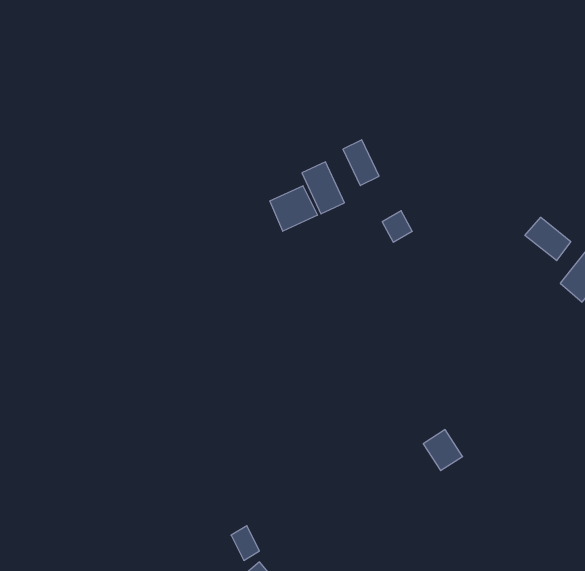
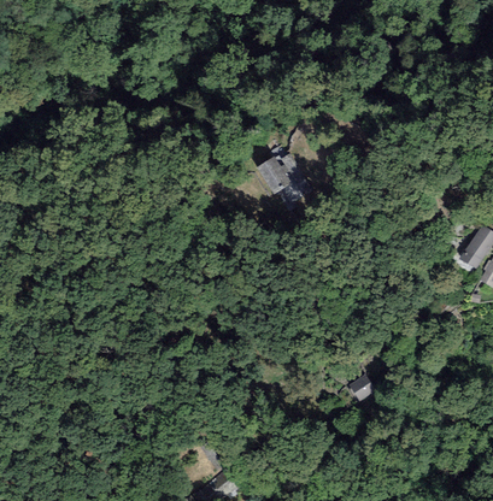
building: [270,186,317,231] -> none
building: [525,217,571,261] -> none

